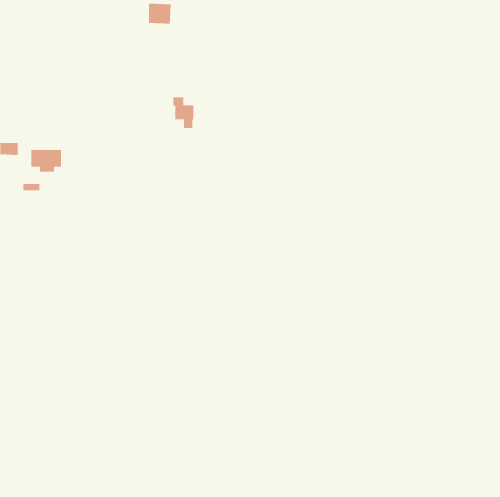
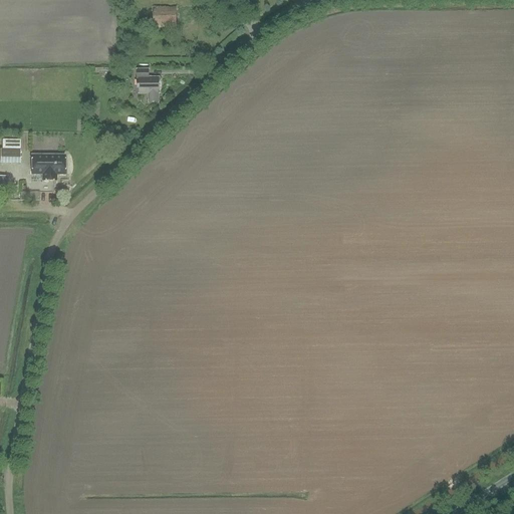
building: [172,97,194,129] -> [137,66,159,99]

